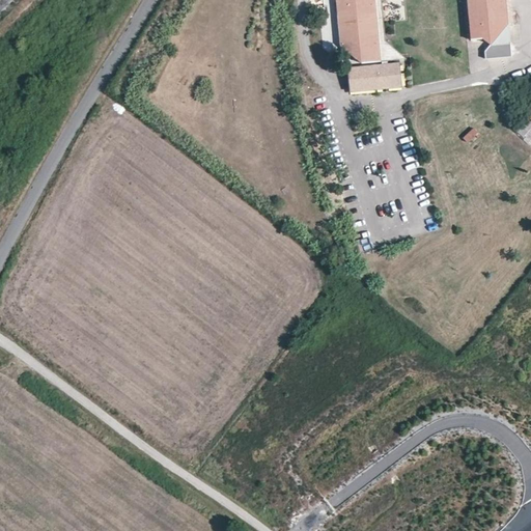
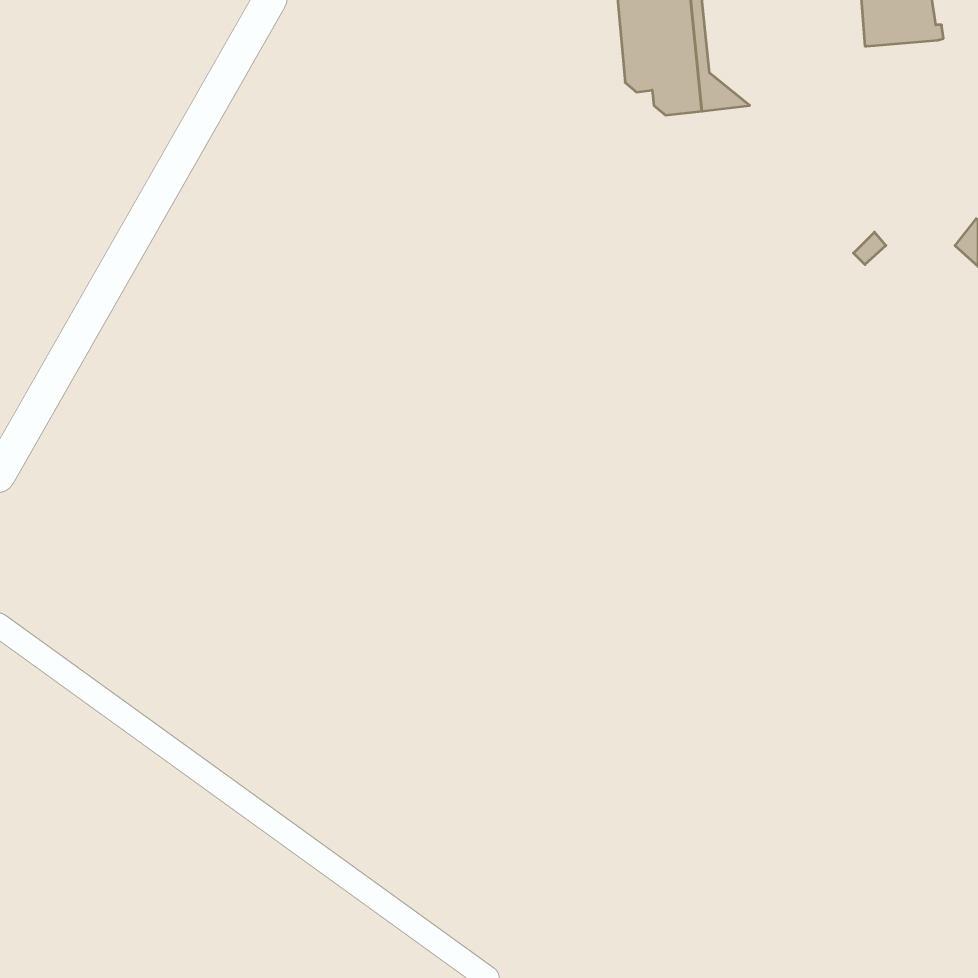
building: [468,22,509,44] -> none
building: [347,62,401,91] -> none

